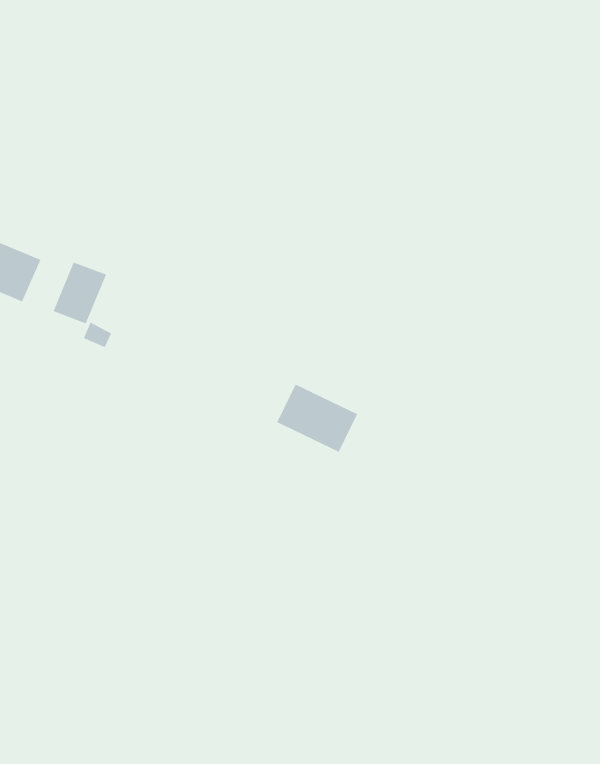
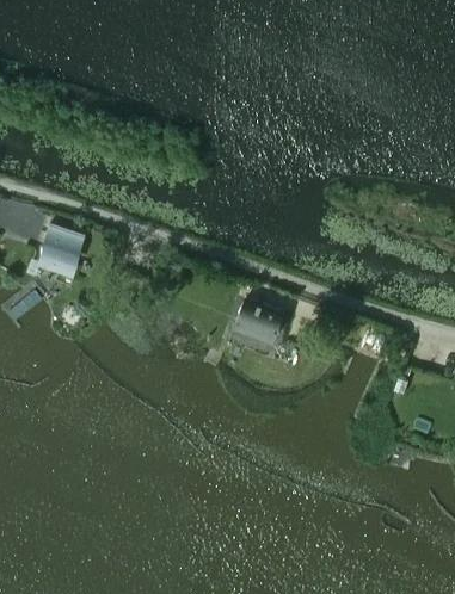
building: [52,262,107,324] -> none

